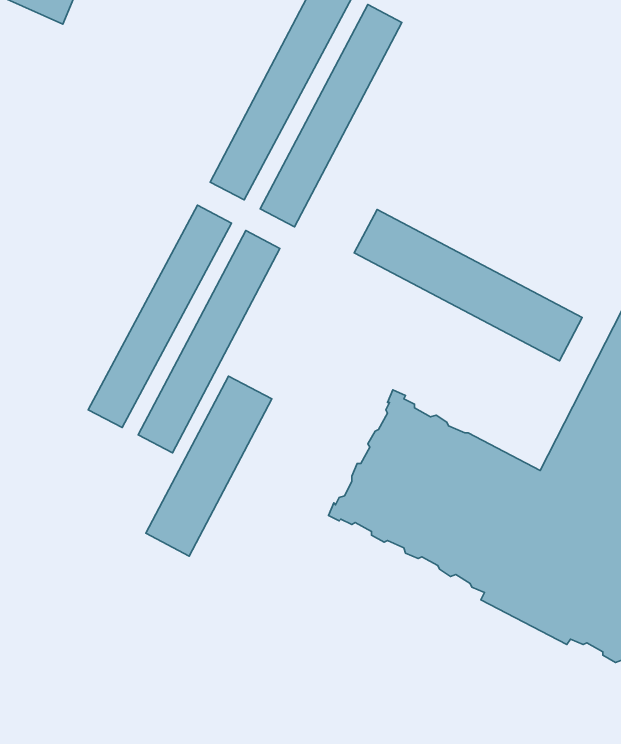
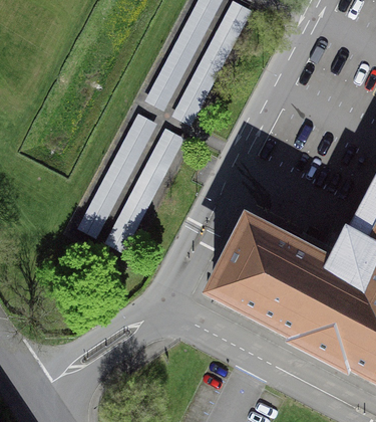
building: [354,210,582,361] -> none
building: [146,376,272,556] -> none

